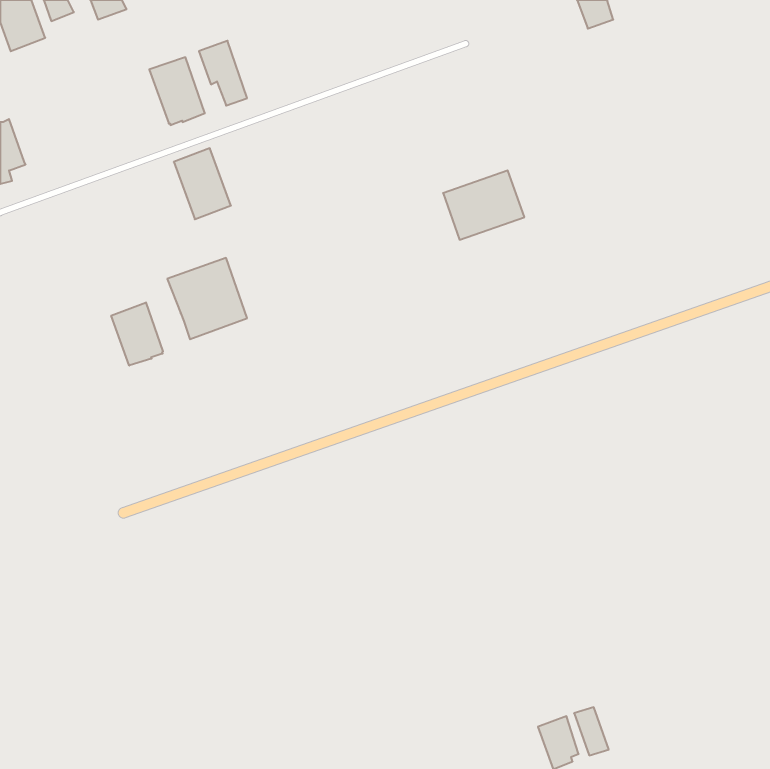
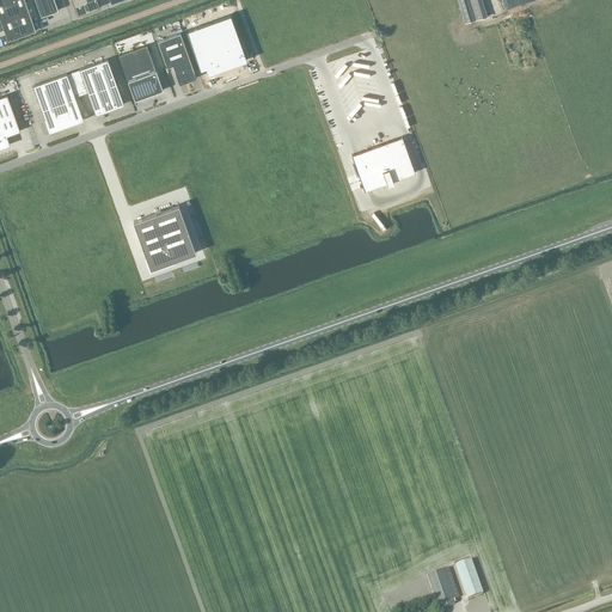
building: none -> [185,17,245,75]
building: none -> [32,74,84,131]
building: [174,148,231,219] -> [79,60,124,116]
building: [111,302,163,366] -> none

